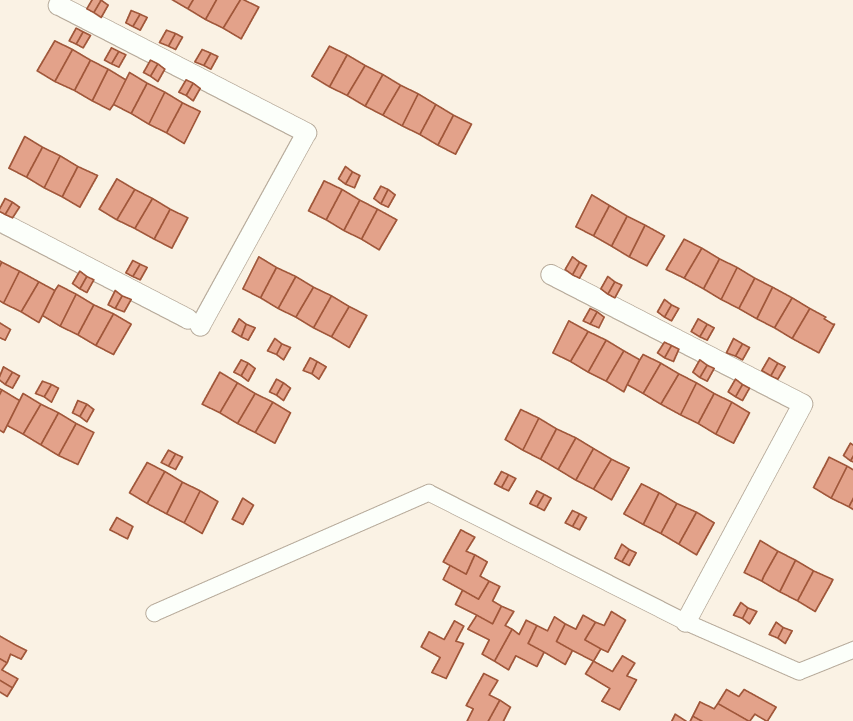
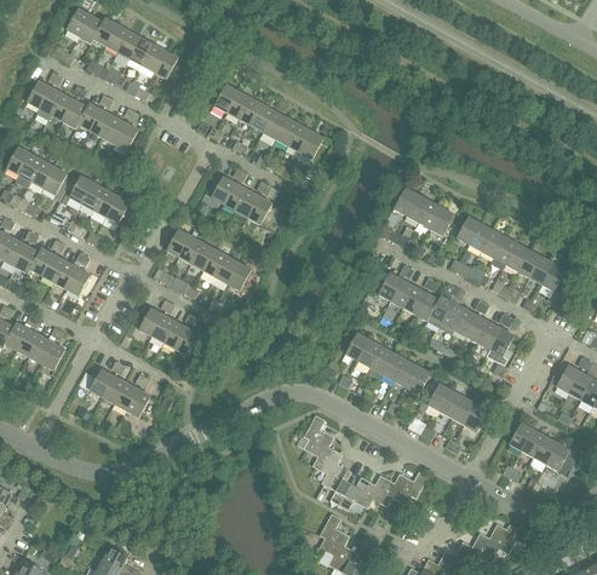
building: [421,621,464,678] -> none
building: [586,656,636,710] -> none

